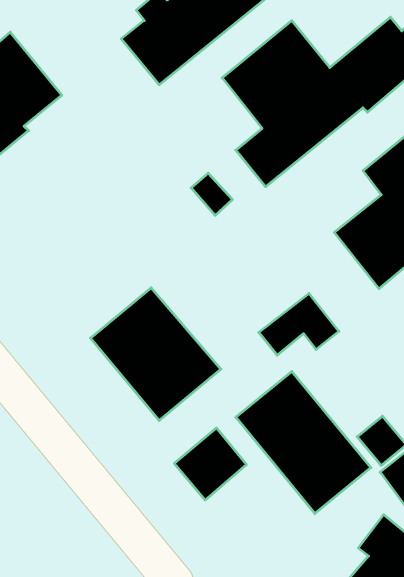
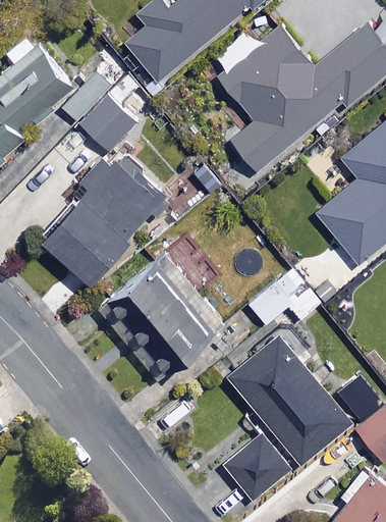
building: none -> [64,79,137,153]
building: none -> [42,151,170,280]
building: [174,428,246,500] -> [224,434,288,499]

